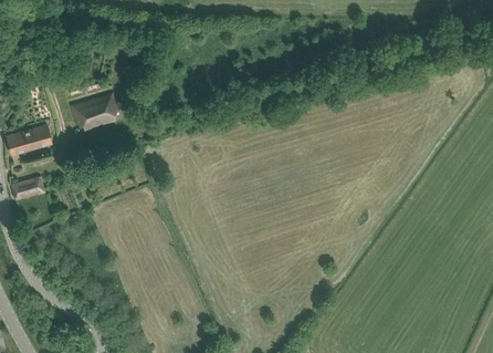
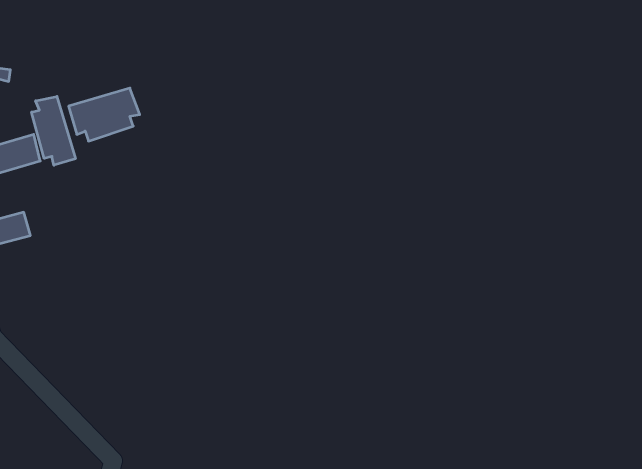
building: none -> [32,96,75,165]

